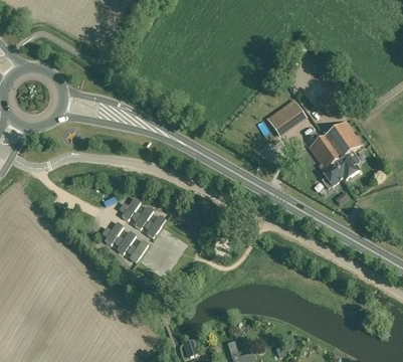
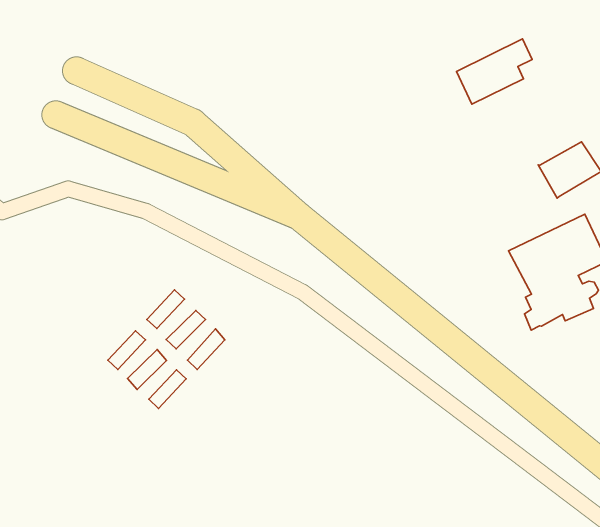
building: [268,95,308,134] -> [456,39,532,104]

